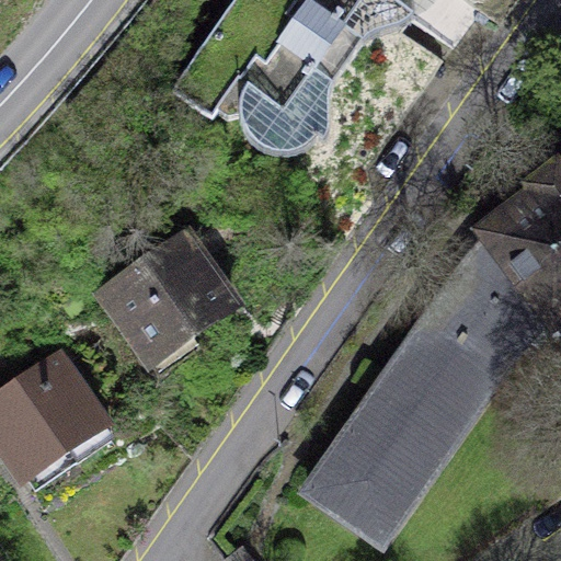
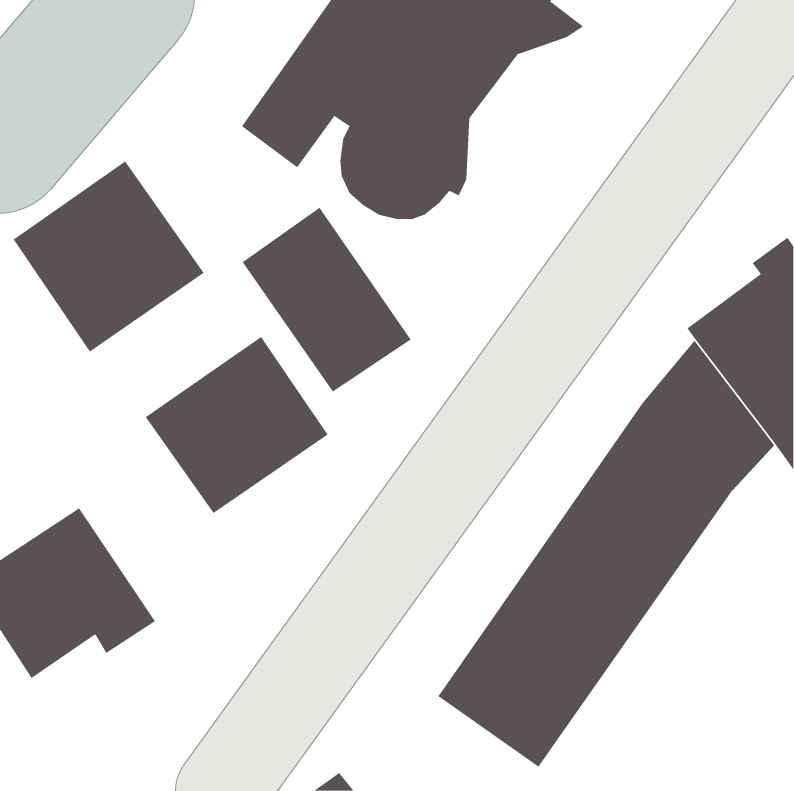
building: none -> [13,161,204,353]
building: none -> [242,207,412,393]

